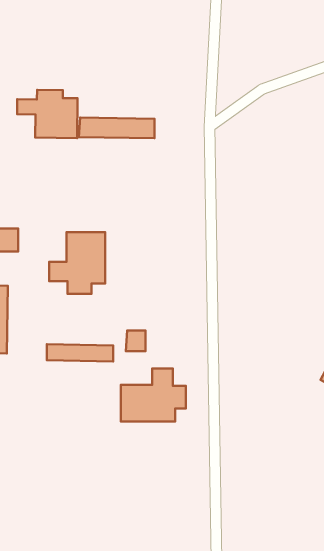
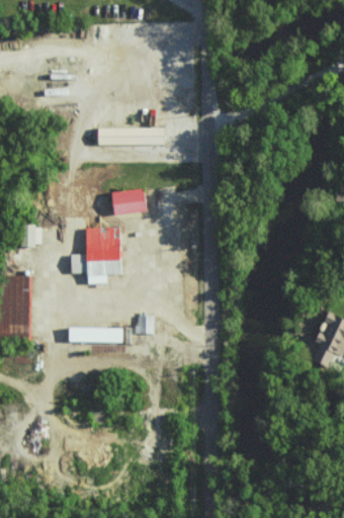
building: [17,90,78,138] -> none
building: none -> [108,188,146,215]
building: [121,368,186,422] -> none

